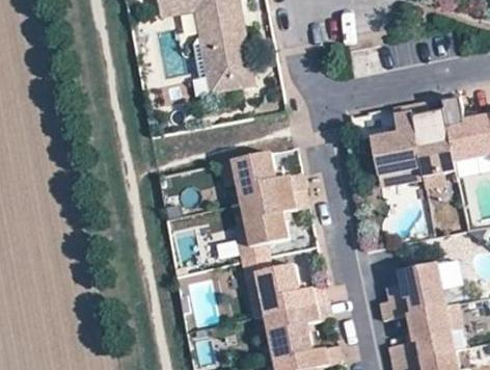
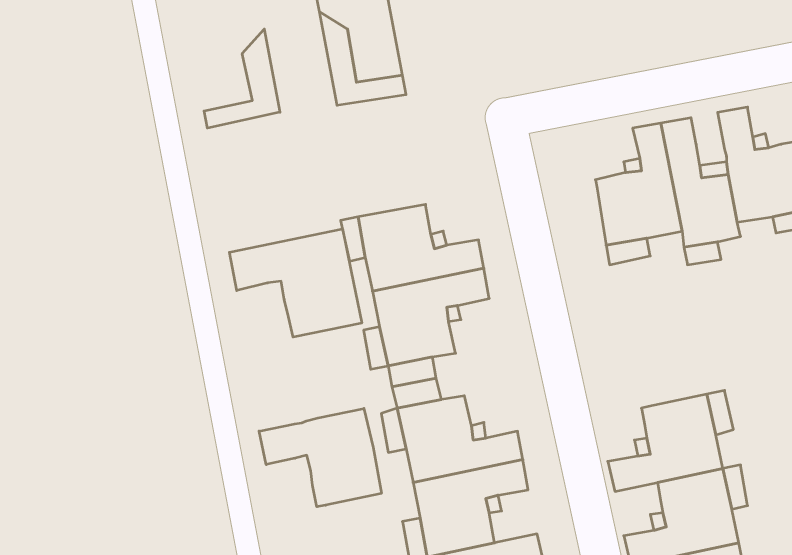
building: none -> [204,29,280,128]
building: none -> [229,229,362,337]
building: none -> [259,408,381,507]

